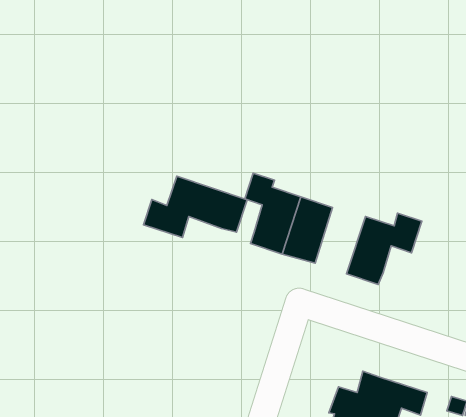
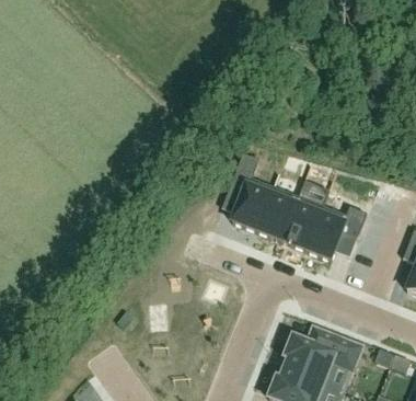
building: [144,176,247,238] -> none
building: none -> [281,197,323,250]

